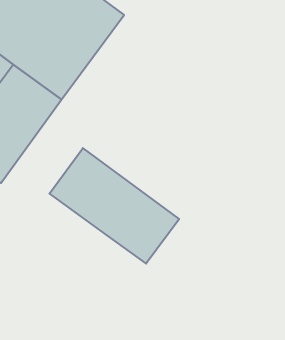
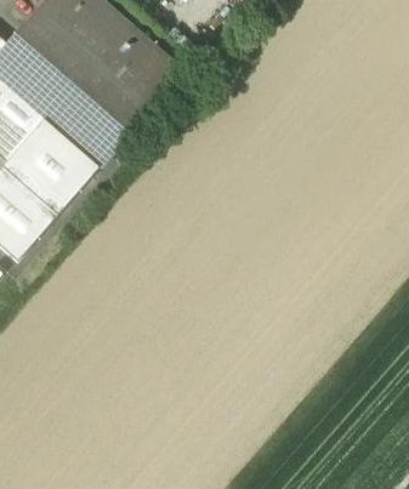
building: [49,148,179,264] -> none

